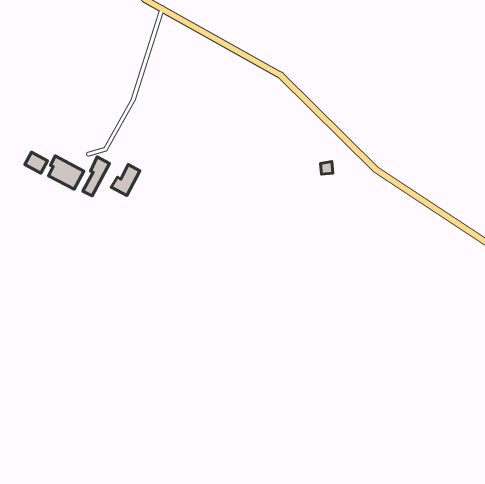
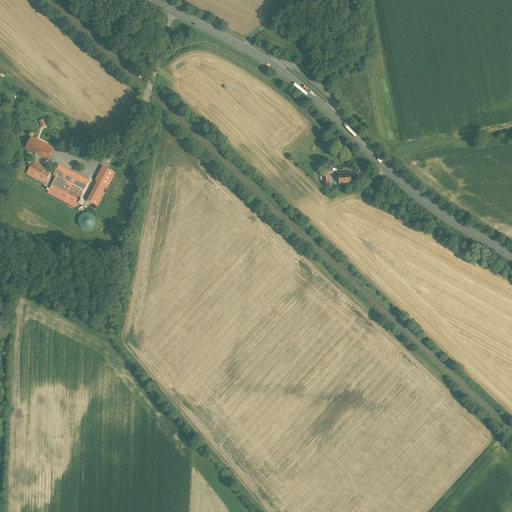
building: none -> [25,135,55,160]
building: [111,164,140,195] -> none

